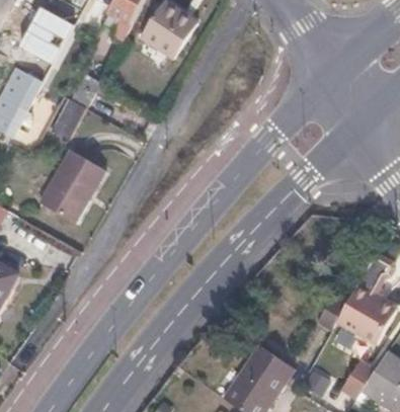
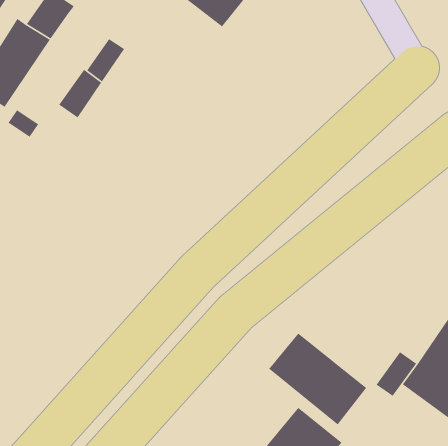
building: [38,149,104,223] -> none
building: none -> [268,332,367,425]

